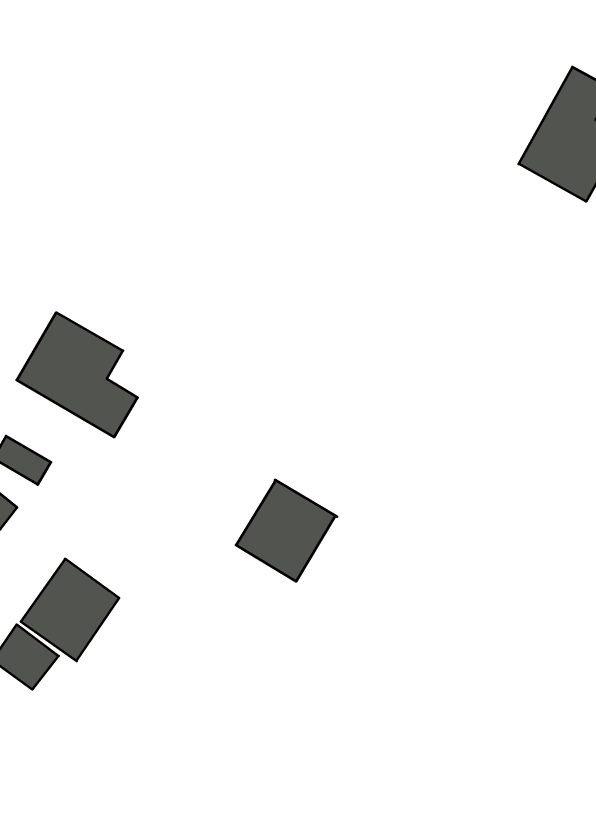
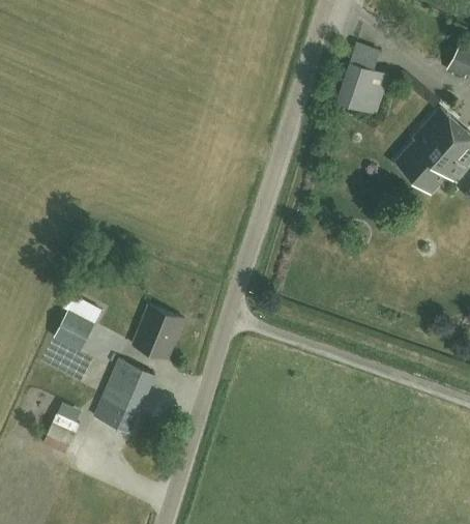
building: [17,313,138,437] -> none
building: [236,480,337,581] -> [131,304,184,358]

